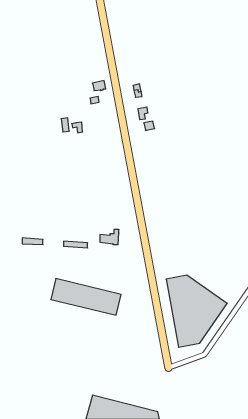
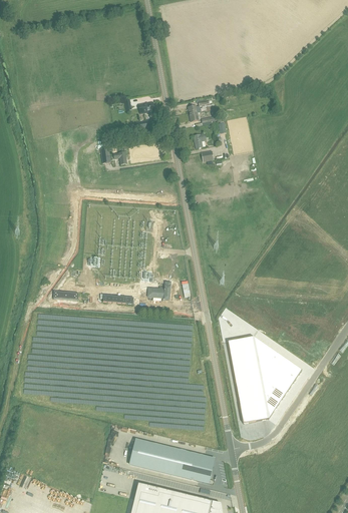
building: [51,279,121,315] -> [129,439,215,483]

